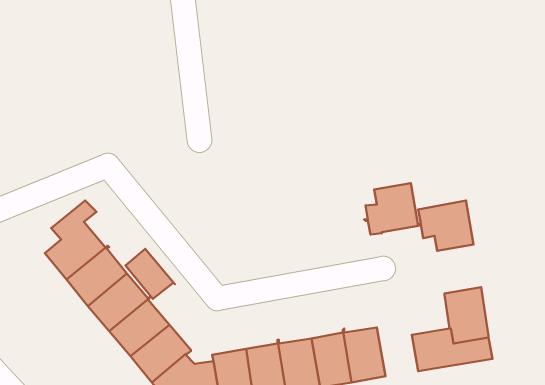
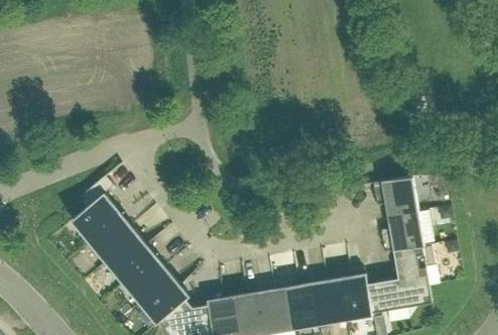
building: [364,183,418,235] -> [380,213,423,254]
building: [126,249,175,299] -> none
building: none -> [340,274,373,319]

